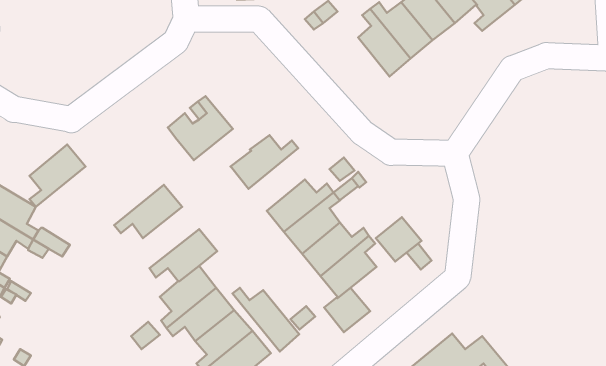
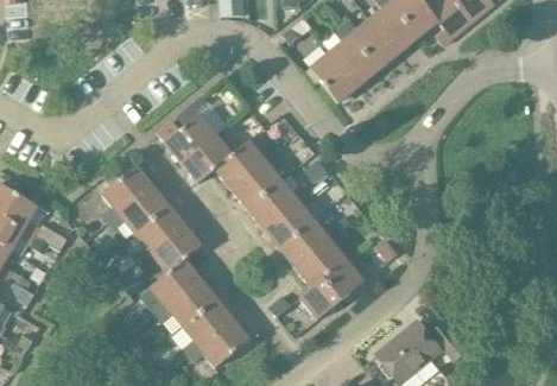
building: none -> [309,50,359,102]
building: none -> [181,133,233,182]
building: [29,144,86,207] -> [102,164,153,221]
building: none -> [230,151,281,208]
building: none -> [134,204,185,260]
building: [376,217,421,262] -> [323,259,365,299]
building: [232,288,299,351] -> none

